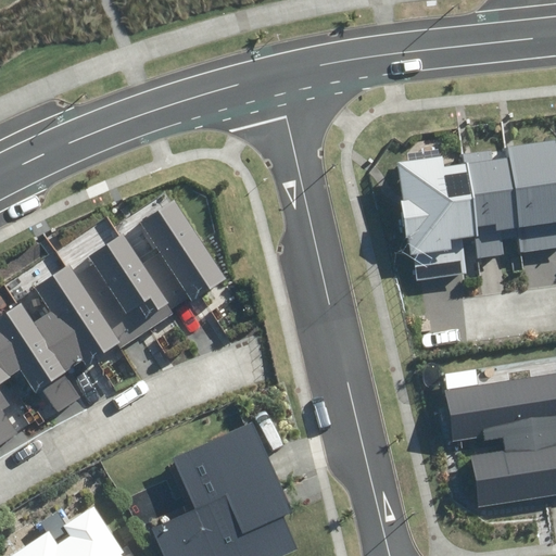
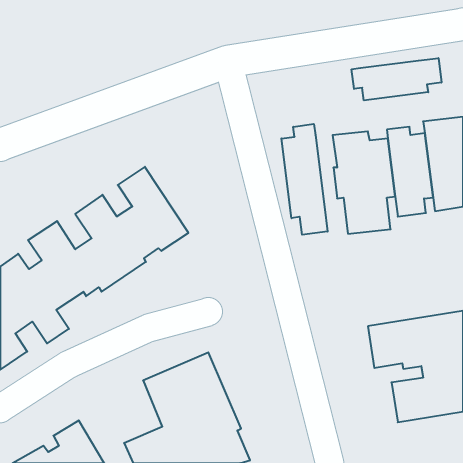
building: none -> [352,58,441,100]
building: none -> [281,124,328,235]

